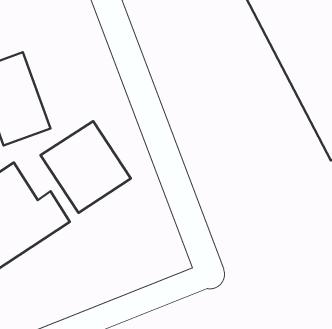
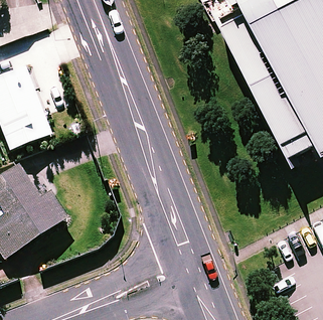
building: [41,121,131,213] -> none

